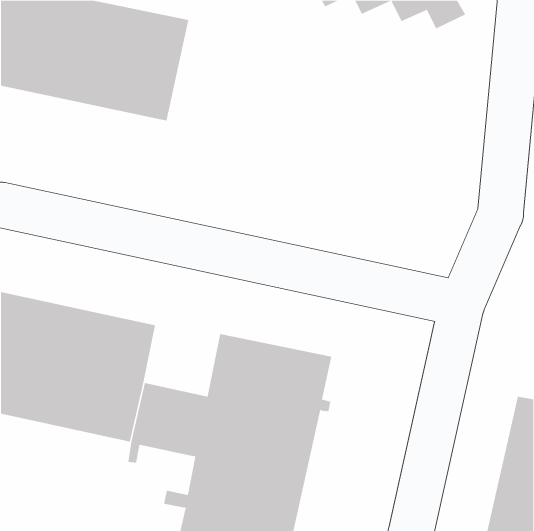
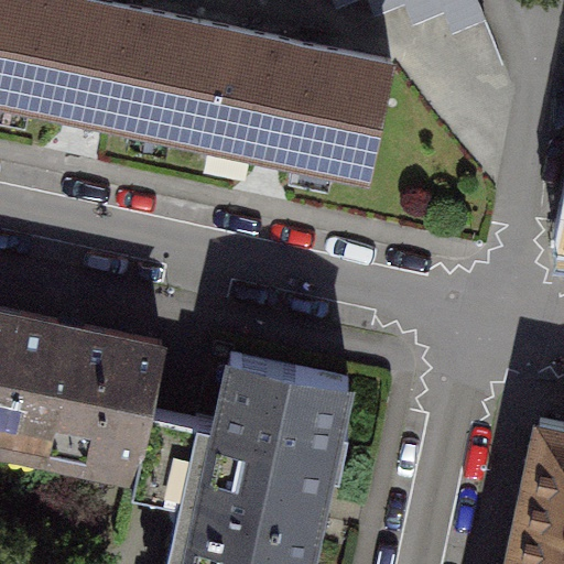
building: none -> [176,24,393,172]

